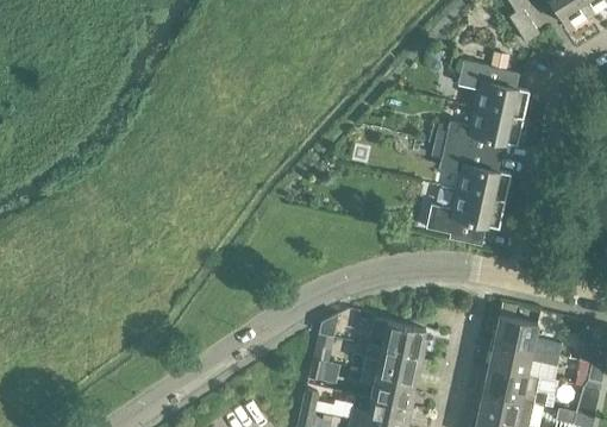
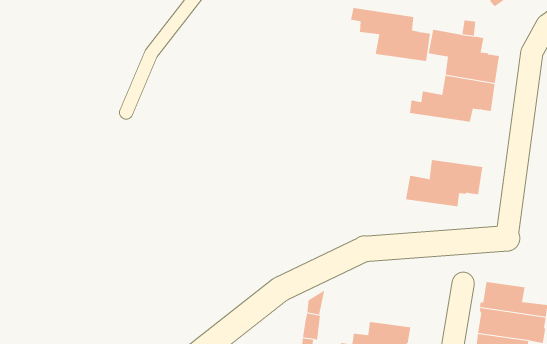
building: [431,143,511,201] -> [350,8,431,61]
building: [370,319,425,356] -> none

